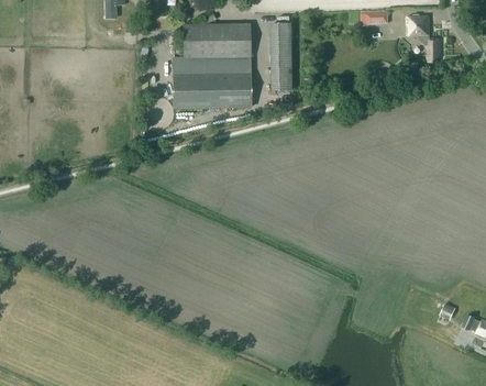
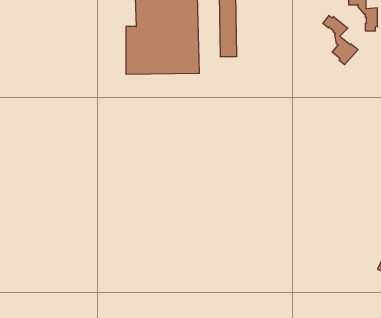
building: none -> [323,15,358,65]

